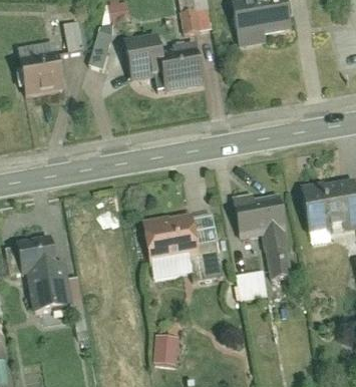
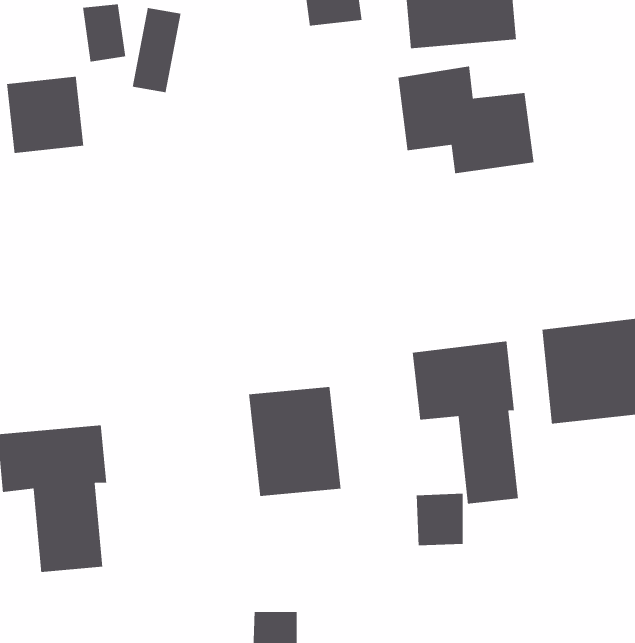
building: [125,37,198,94] -> [397,66,535,174]
building: [193,216,220,276] -> none

